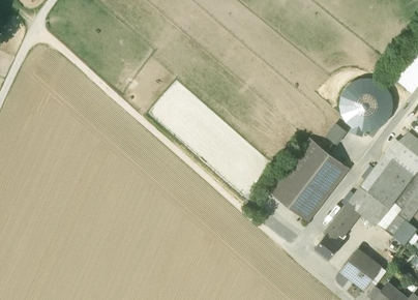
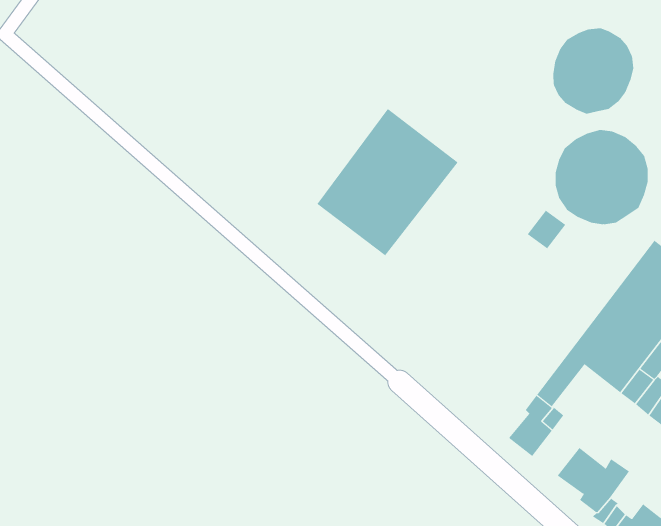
building: none -> [553,28,634,115]
building: [270,139,349,220] -> [316,108,459,256]

